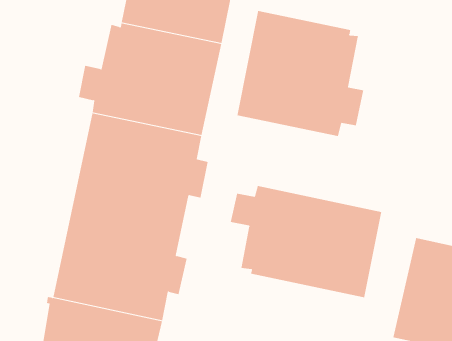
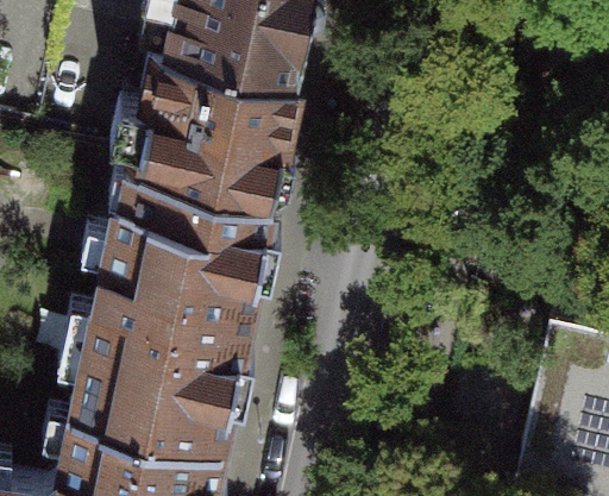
building: [237,10,364,137] -> none
building: [230,185,382,298] -> none

